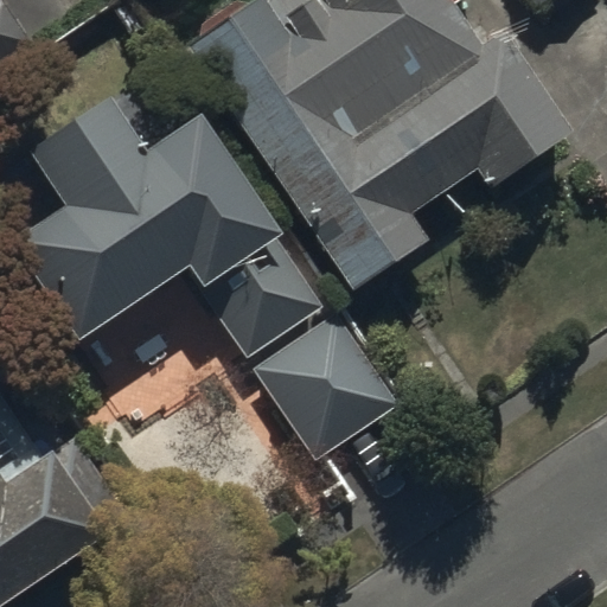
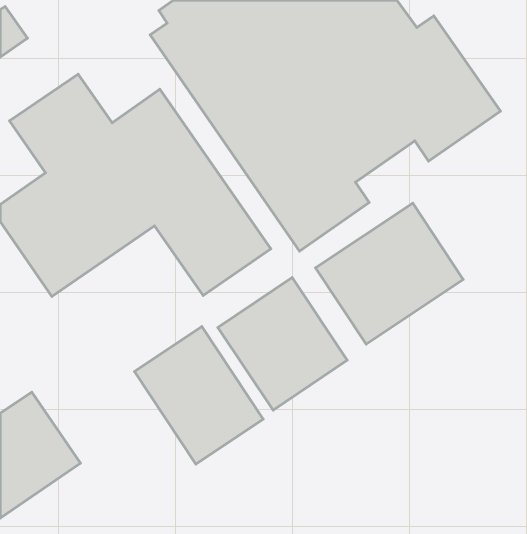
building: none -> [316,203,463,344]
building: none -> [134,327,263,464]

